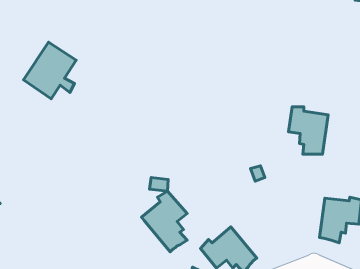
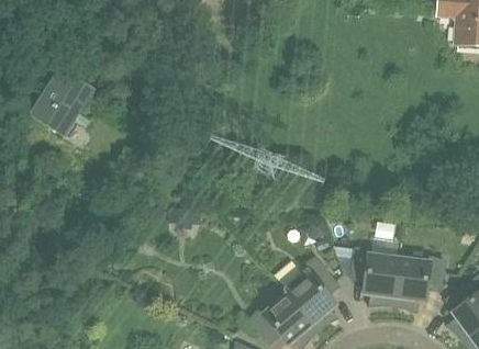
building: [289,107,328,154] -> [352,247,400,305]
building: [141,191,187,252] -> [281,256,337,330]

